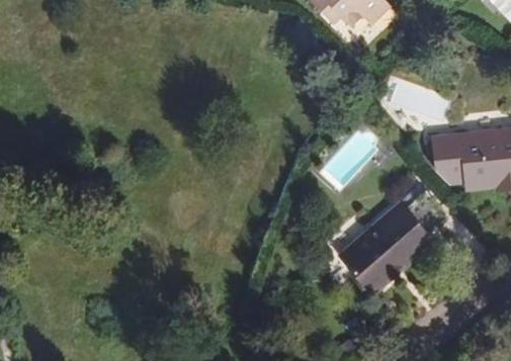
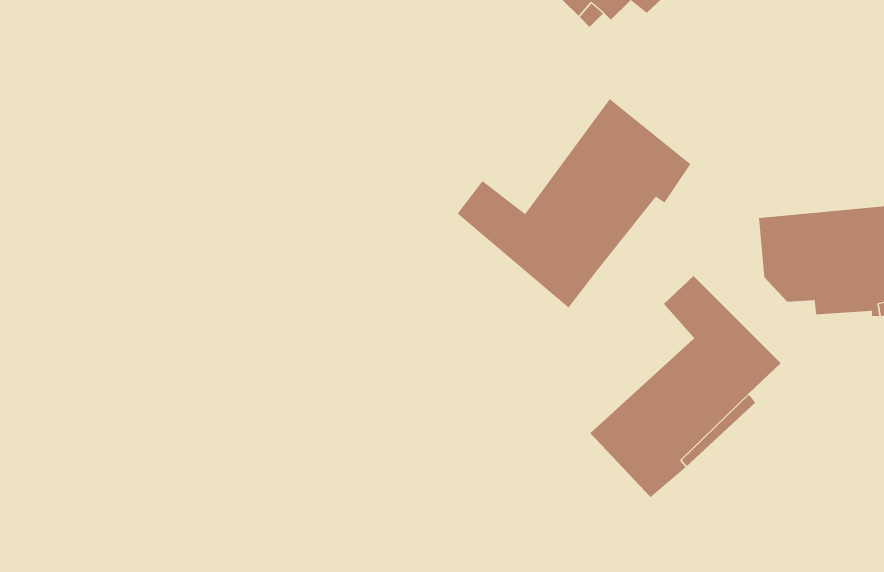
building: none -> [457,98,691,308]

